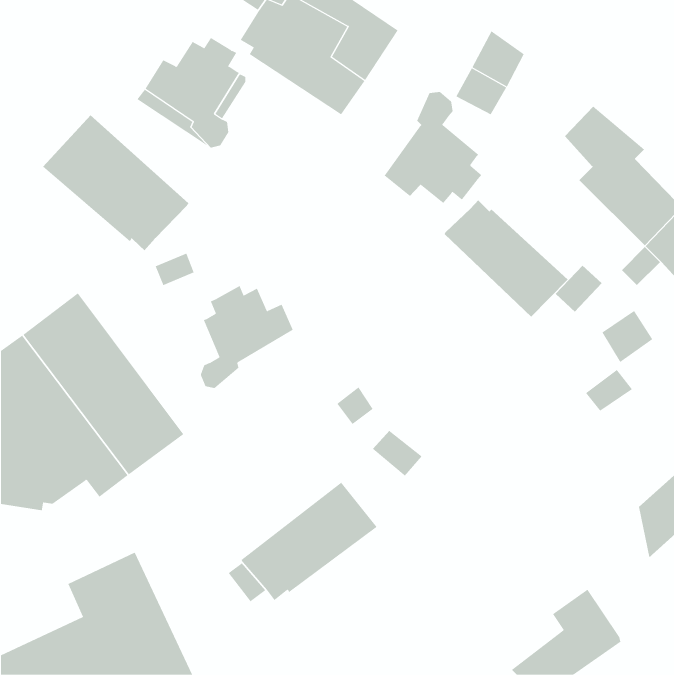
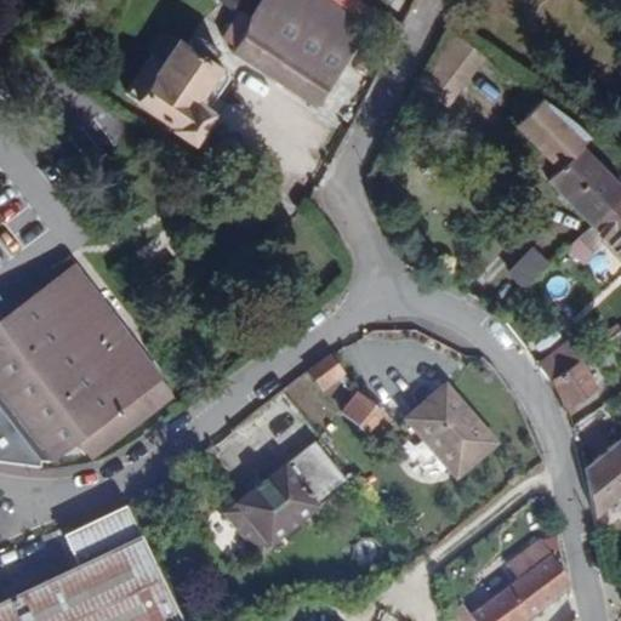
building: [384,91,482,204] -> none
building: [42,114,189,251] -> none
building: [444,199,568,318] -> none
building: [200,285,294,389] -> none
building: [601,310,653,363] -> [552,357,599,405]
building: none -> [408,384,496,477]

